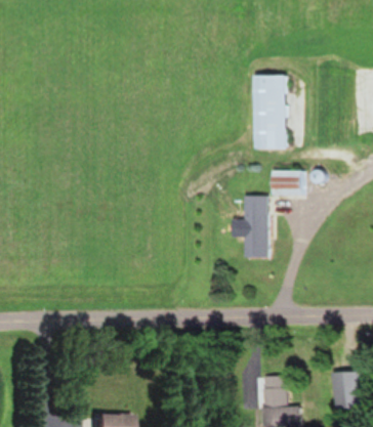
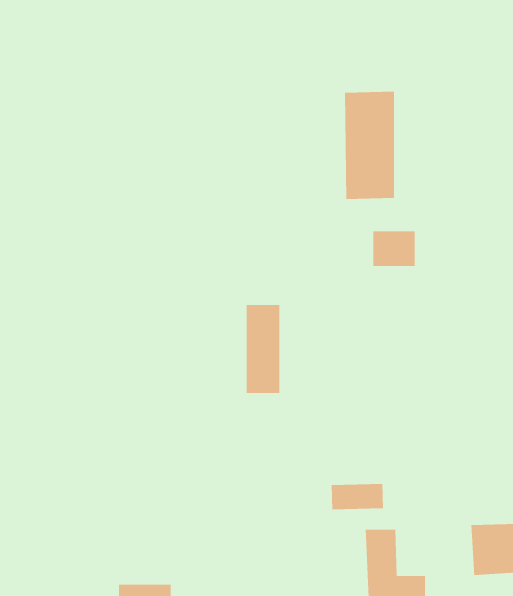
building: [245,196,268,257] -> [246,304,280,393]
building: none -> [331,483,383,510]

